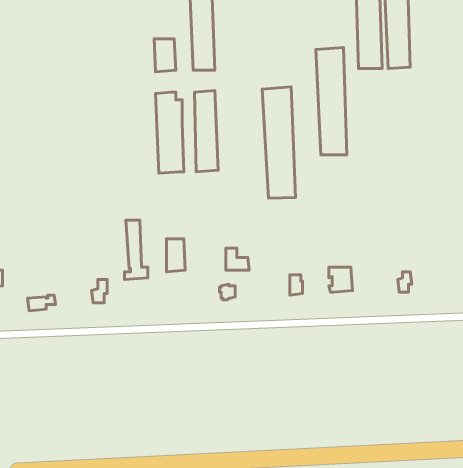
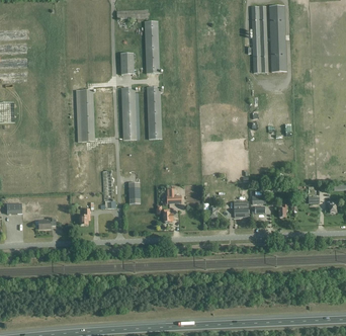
building: [316,48,347,155] -> none
building: [262,87,295,198] -> none
building: none -> [76,89,95,141]

